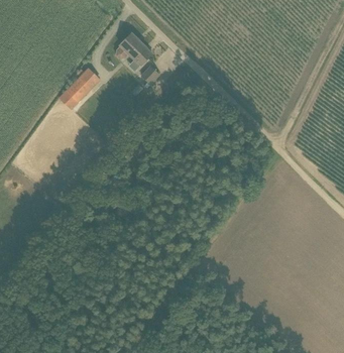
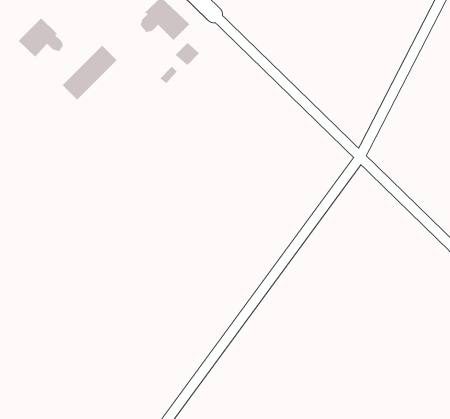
building: none -> [18,18,64,57]

